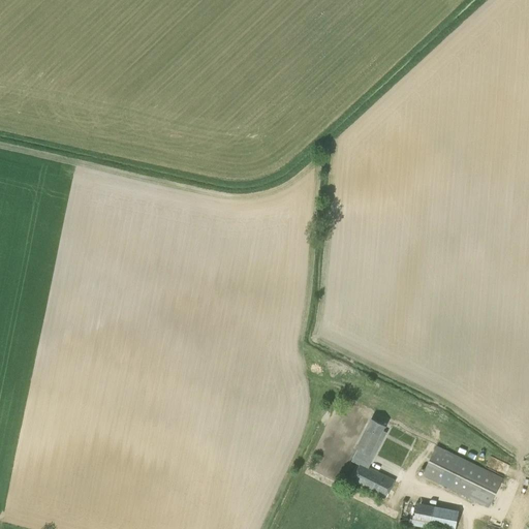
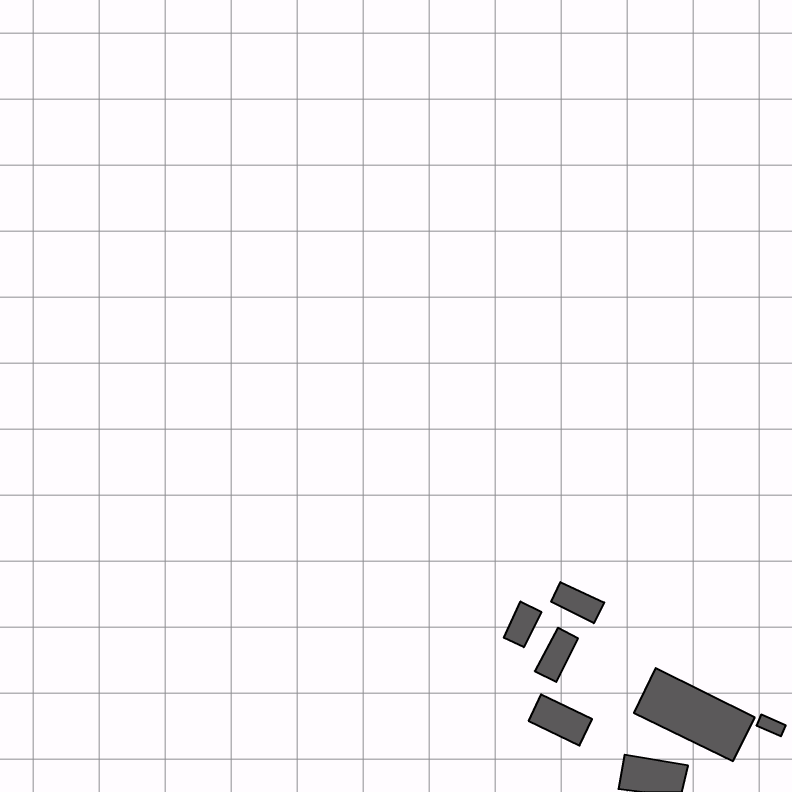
building: none -> [551,582,604,623]
building: none -> [504,601,541,647]

